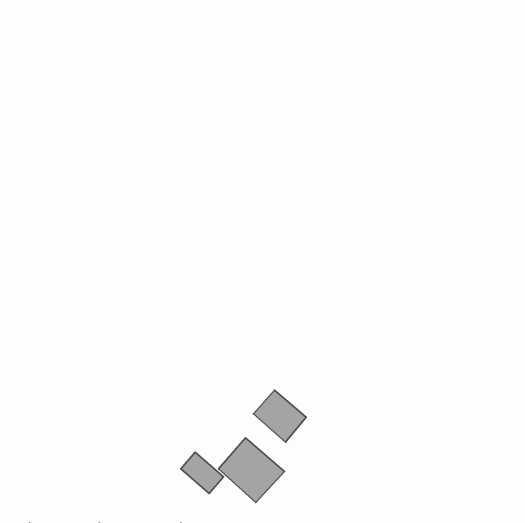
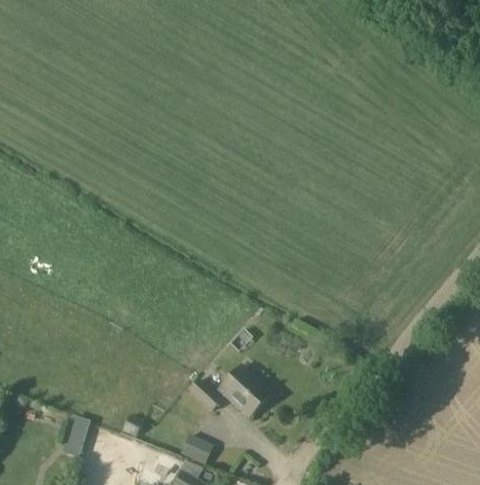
building: [254,390,306,442] -> none

